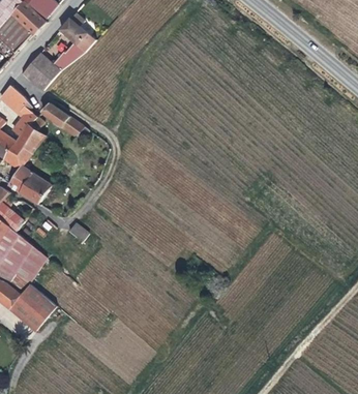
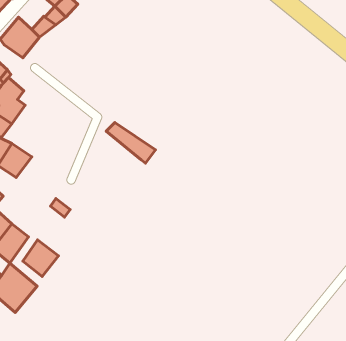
building: [40,102,87,141] -> [106,122,156,163]
building: none -> [23,240,58,277]

